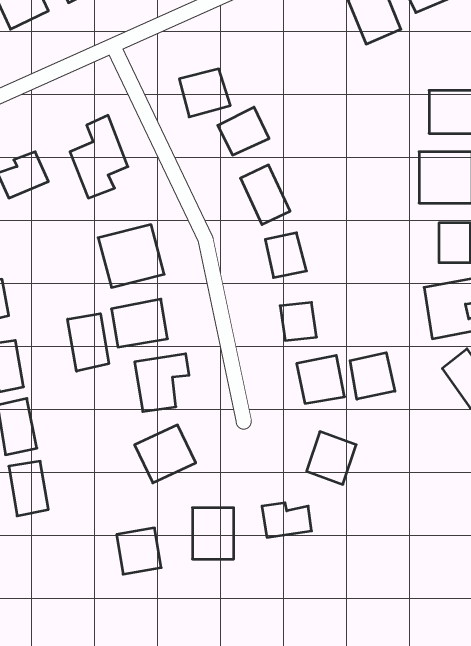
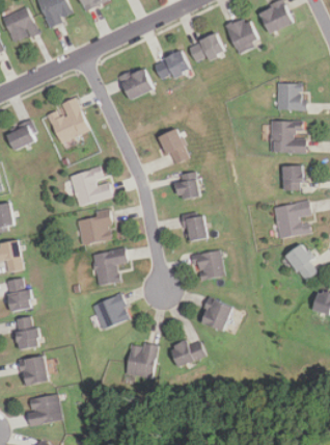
building: none -> [189,34,223,60]
building: [218,107,269,155] -> [157,50,189,80]
building: [68,314,109,371] -> none
building: [350,353,395,399] -> none
building: [117,528,161,574] -> [19,356,47,385]
building: none -> [25,394,60,425]

